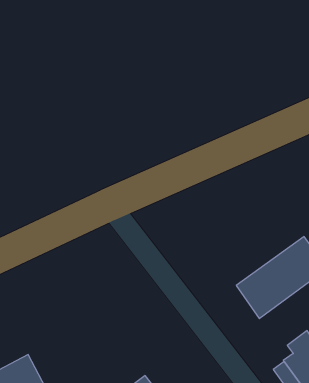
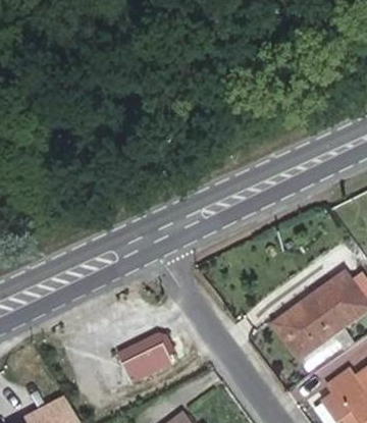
building: none -> [125,343,172,382]

